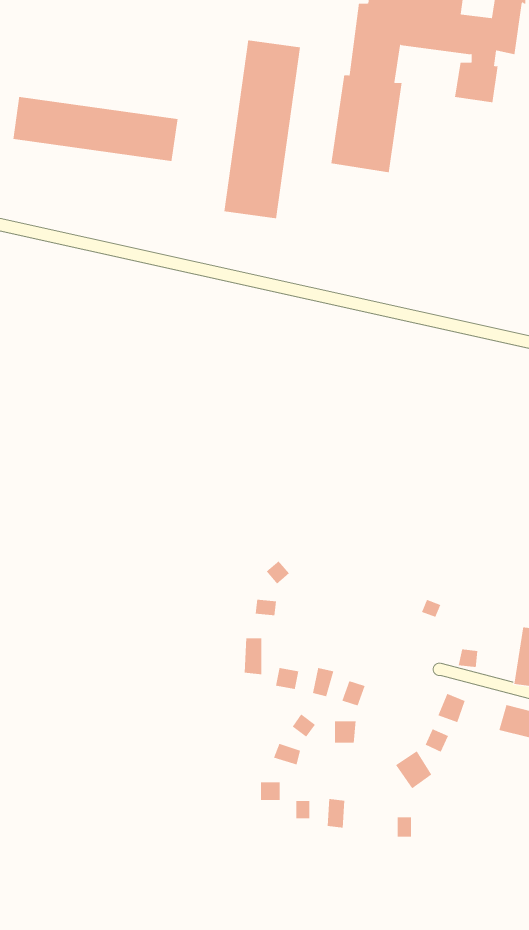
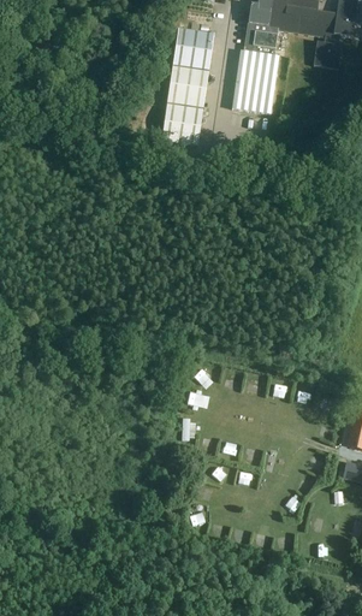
building: [13,96,178,162] -> none

